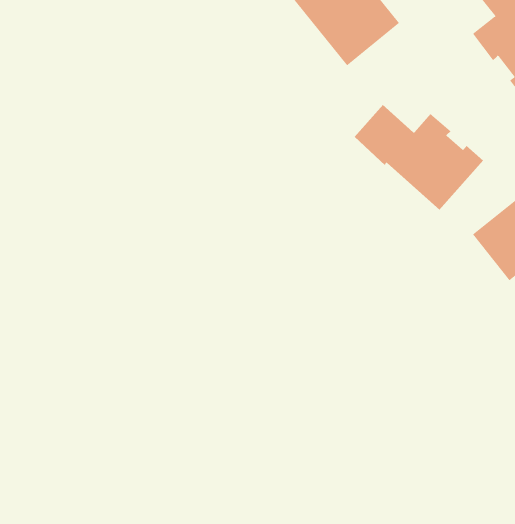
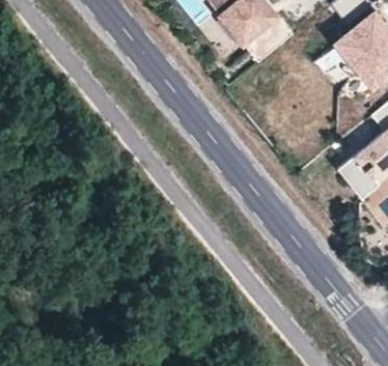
building: [354,104,484,210] -> none

